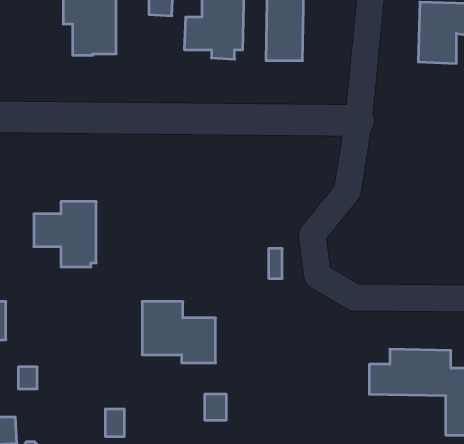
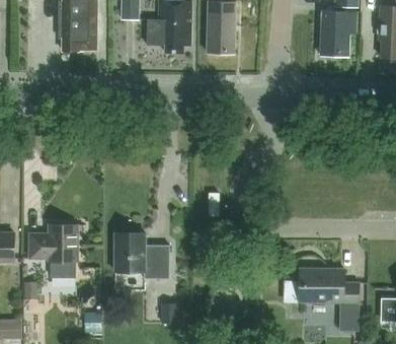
building: [34,202,96,267] -> [29,224,76,273]

